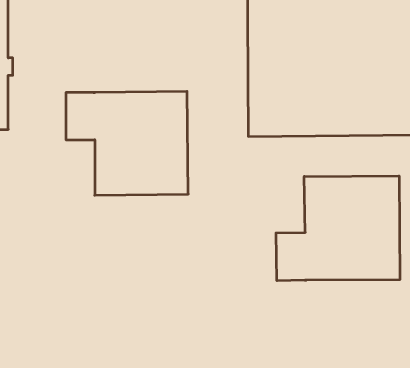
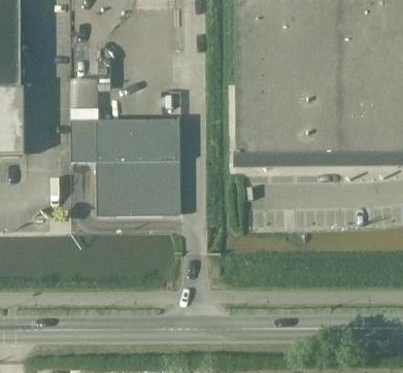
building: [276,176,400,281] -> none

